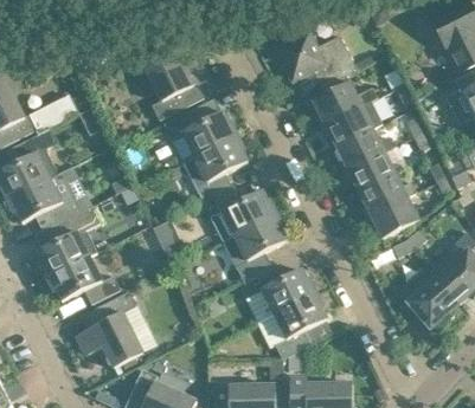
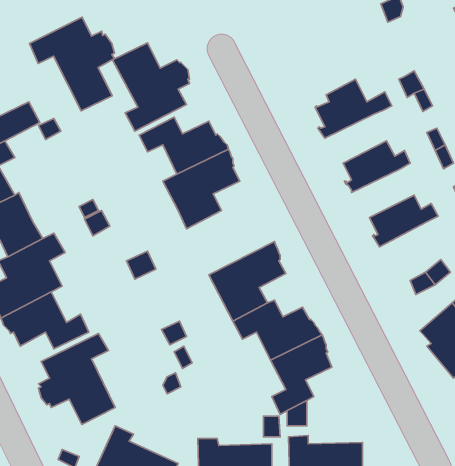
building: none -> [30,17,115,111]
building: [276,31,358,89] -> none
building: [321,102,383,147] -> none
building: [344,151,397,193] -> none
building: [204,187,278,241] -> none
building: [367,196,419,240] -> none

